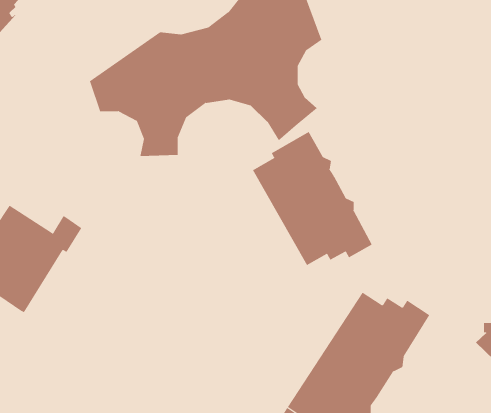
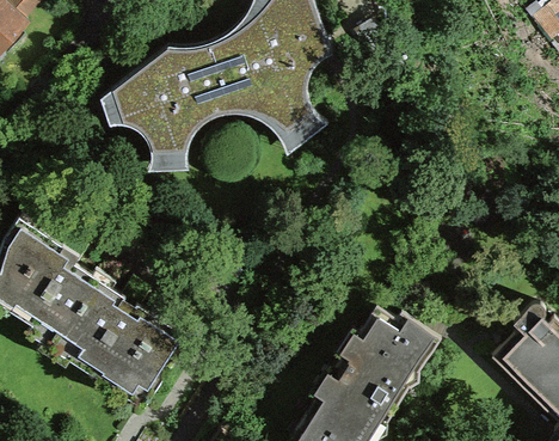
building: [252,131,373,266] -> none
building: none -> [25,268,188,414]

